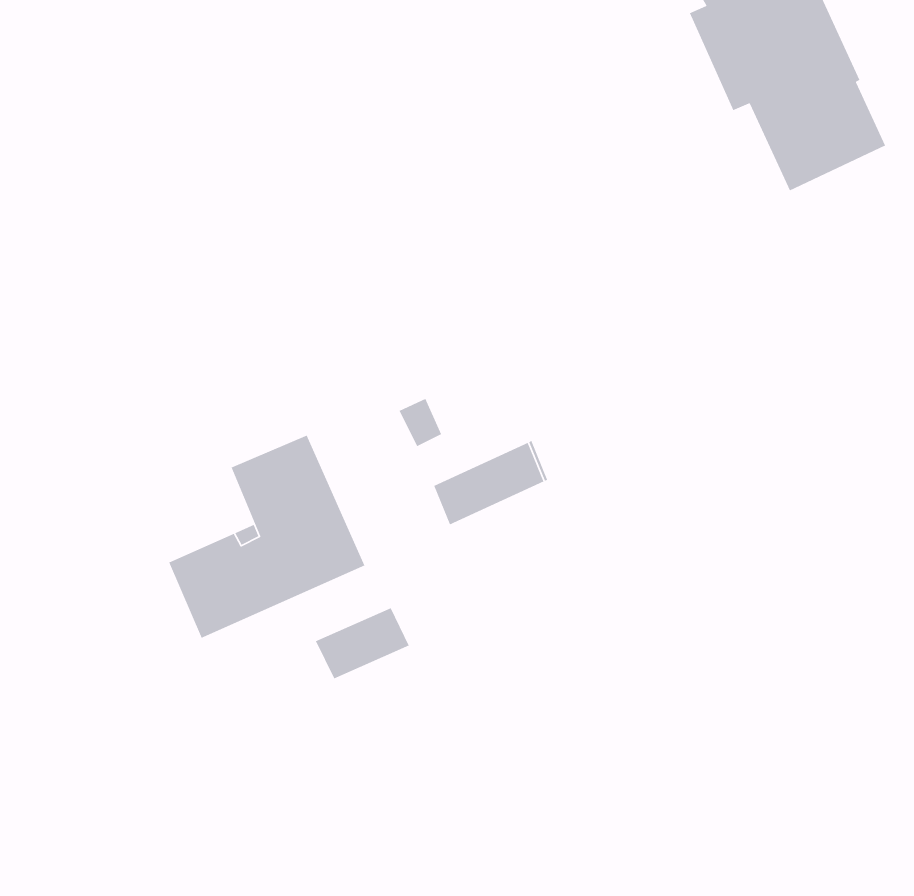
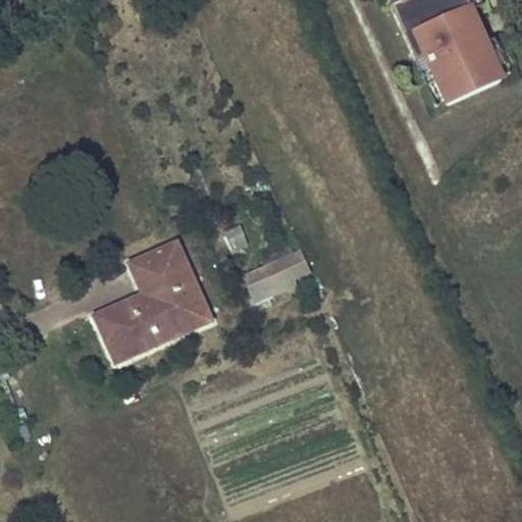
building: [315,607,410,679] -> none

